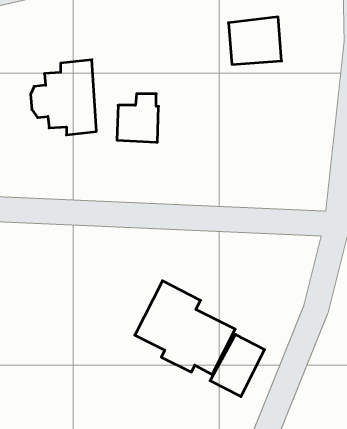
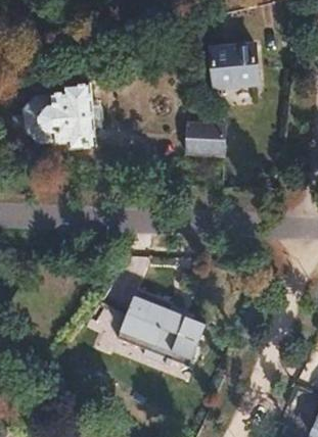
building: [117,94,159,142] -> [184,113,221,156]
building: [210,334,265,397] -> none

